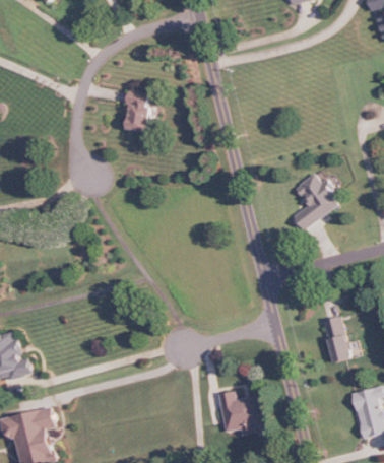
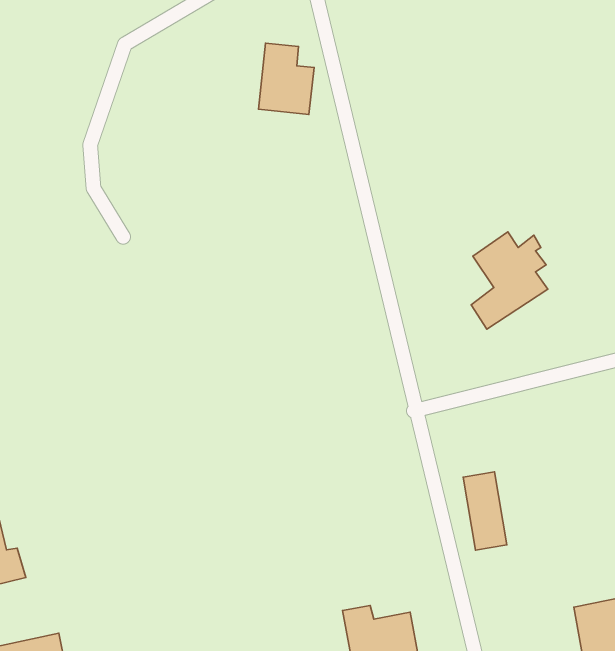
building: [123,90,155,132] -> [258,43,314,114]
building: [322,316,347,361] -> [463,472,507,550]

